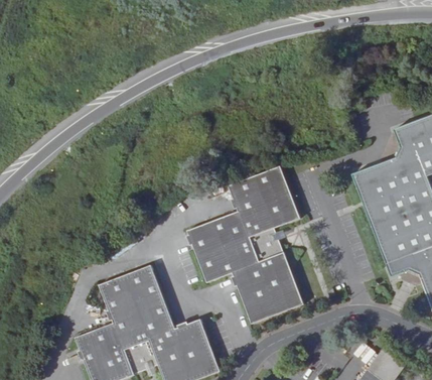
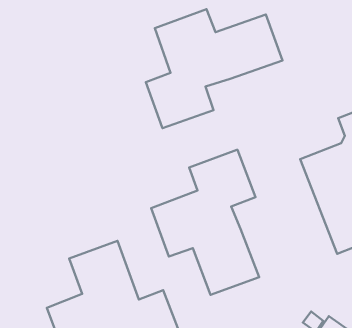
building: none -> [146,9,283,128]

